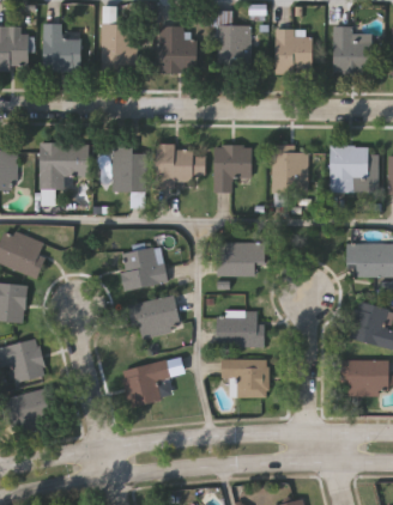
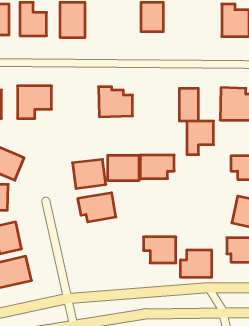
building: [159,25,196,72] -> none
building: [276,35,313,72] -> none
building: [95,144,146,190] -> none
building: [214,145,253,193] -> [187,121,214,155]
building: [216,310,261,346] -> [108,155,139,180]
building: [122,360,170,407] -> none
building: none -> [181,250,212,277]

